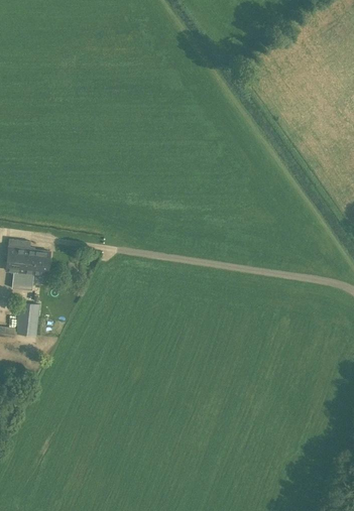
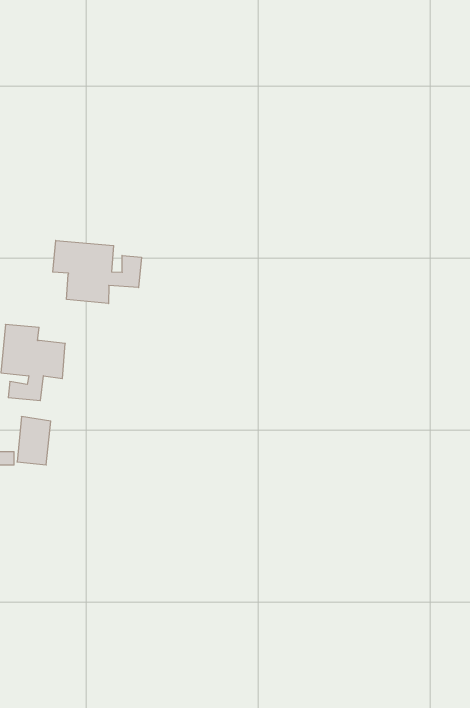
building: none -> [53,240,141,304]

